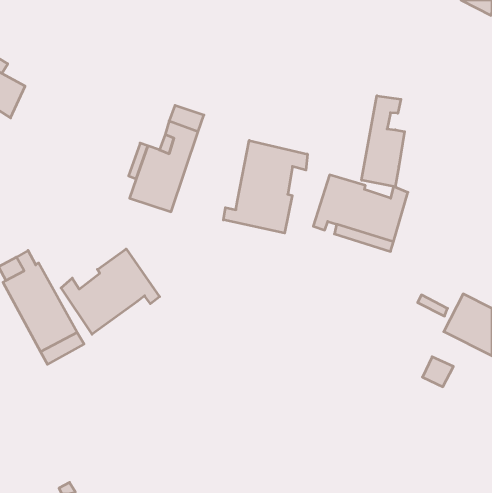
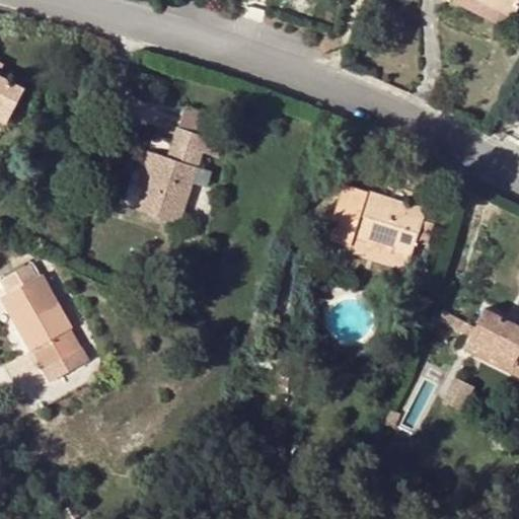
building: [362,96,405,187] -> none
building: [223,140,307,233] -> none
building: [61,249,160,334] -> none

